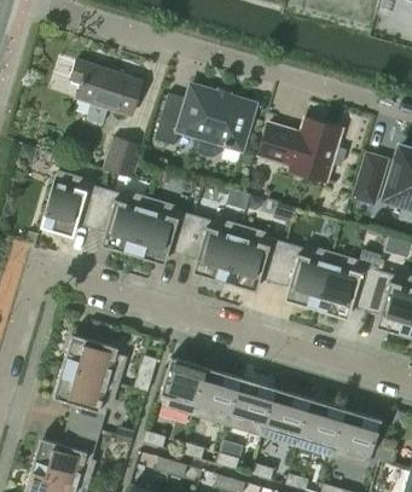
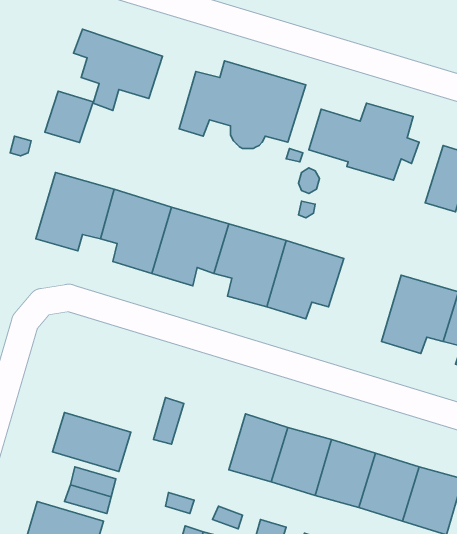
building: [105,137,144,178] -> [45,91,93,143]
building: [274,243,332,309] -> none
building: [63,334,122,382] -> none
building: [158,357,208,412] -> none

